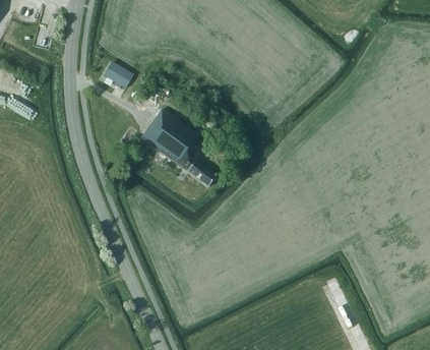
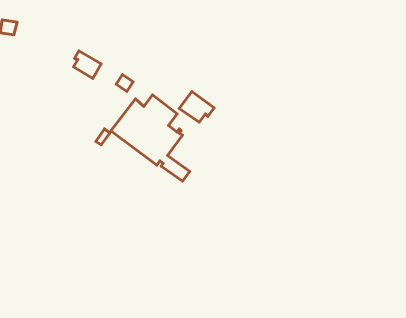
building: none -> [179,91,214,122]

